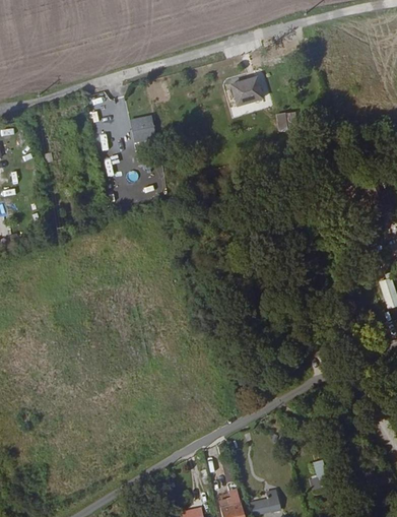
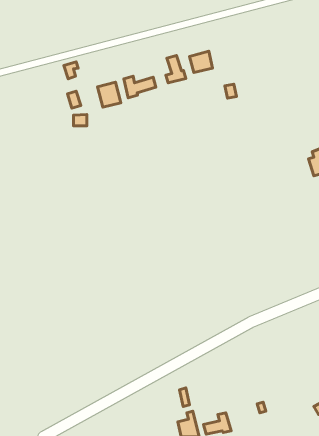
building: none -> [166,55,186,83]
building: none -> [124,76,156,98]

